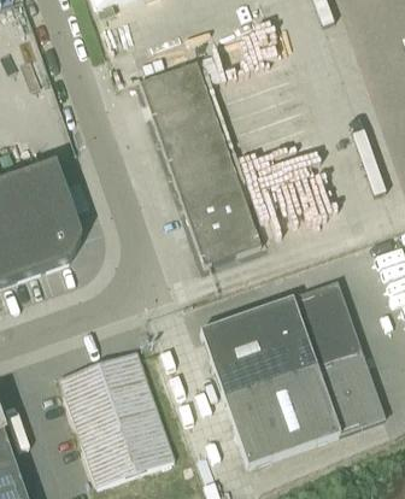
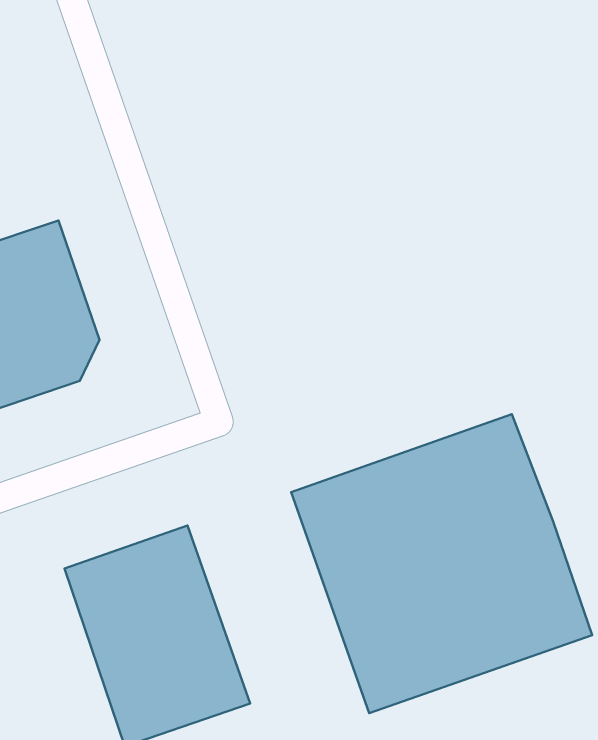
building: [139,60,260,264] -> none

